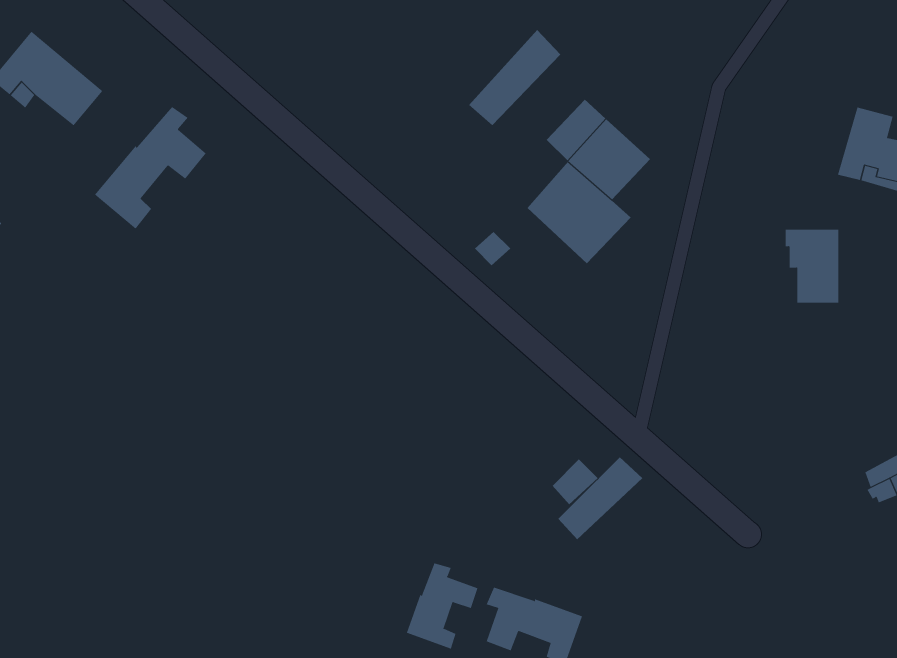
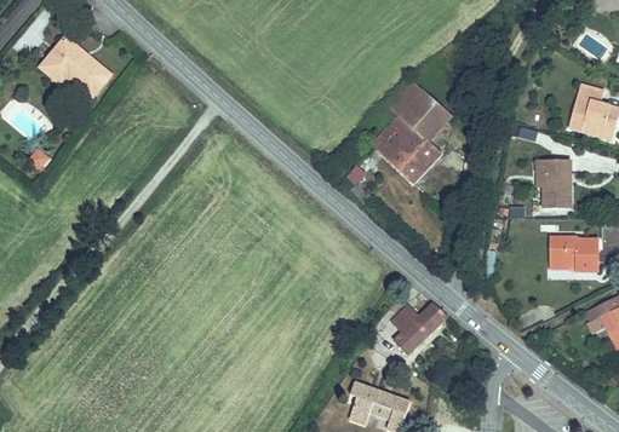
building: [468,29,561,126] -> none
building: [94,106,206,230] -> none
building: none -> [549,237,597,271]
building: [406,563,478,650] -> none

